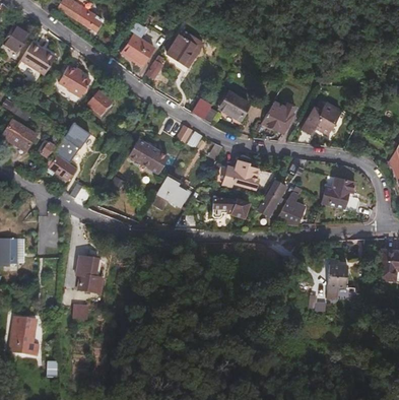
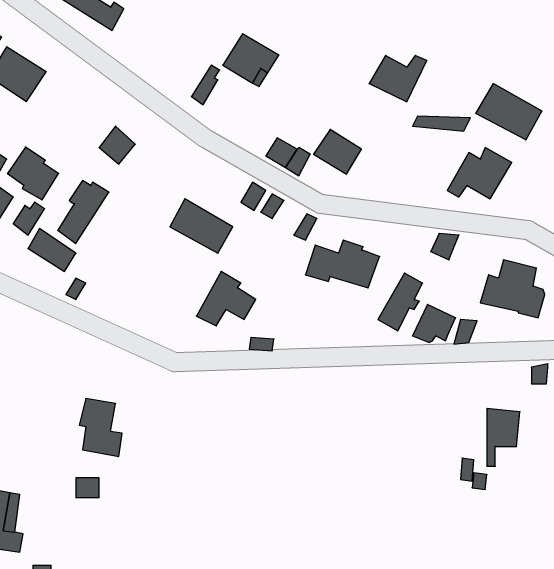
building: [122,19,154,62] -> none
building: none -> [476,84,542,140]
building: [58,65,89,97] -> [7,147,59,200]
building: [262,105,297,133] -> [369,55,427,102]
building: [214,197,250,217] -> none

